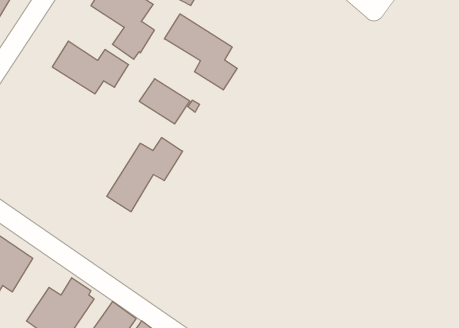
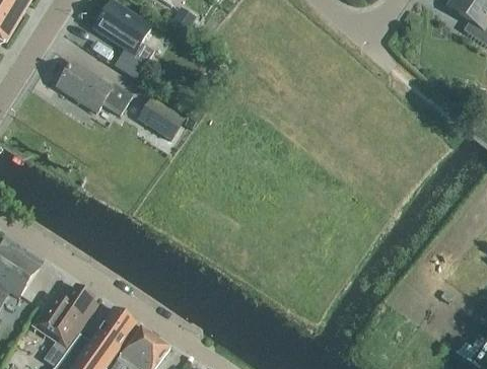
building: [164,14,237,90] -> none
building: [107,138,183,212] -> none

